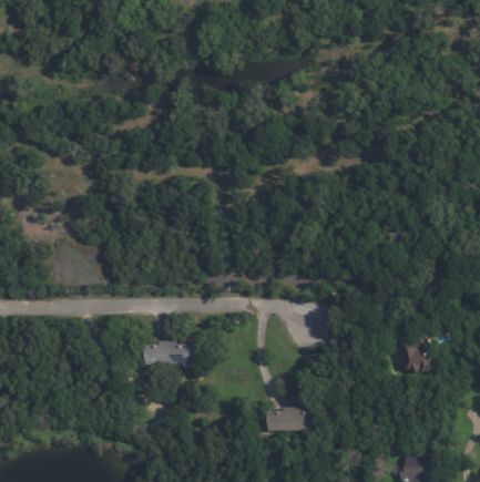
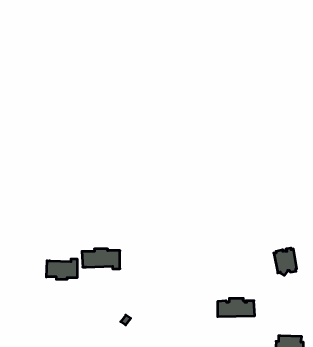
building: none -> [46,259,77,279]
building: [266,409,316,433] -> [218,298,255,317]

